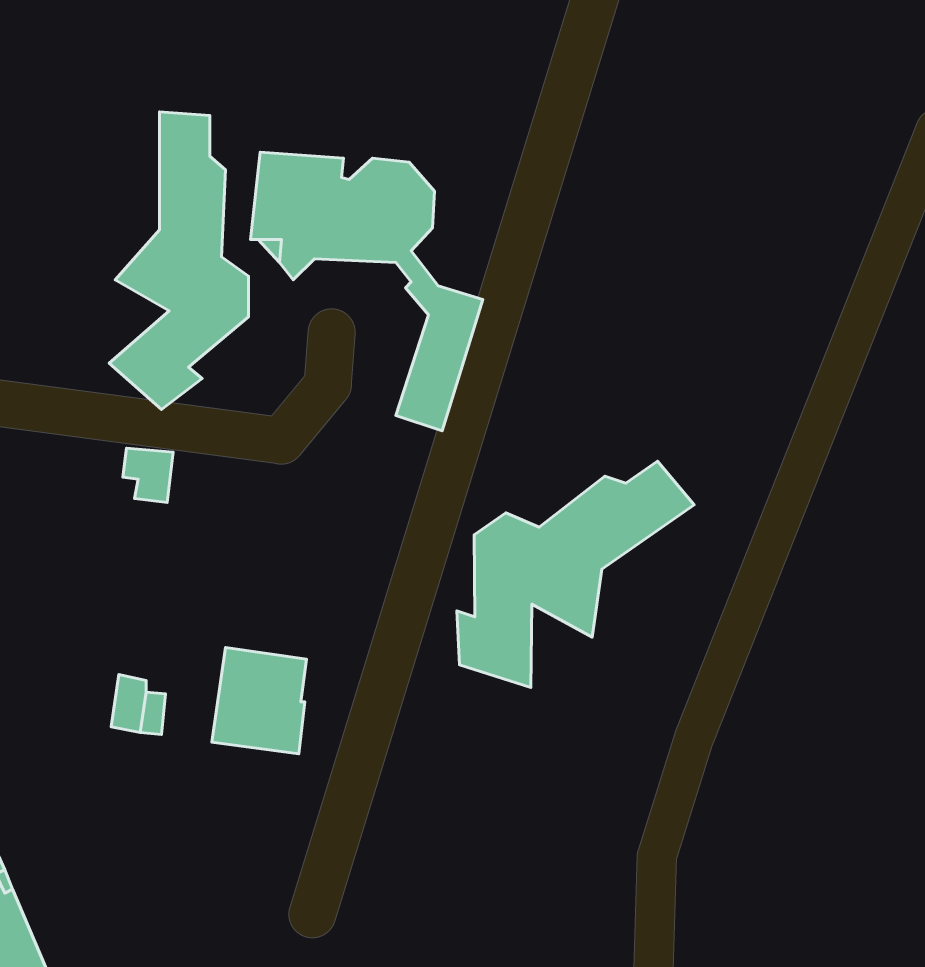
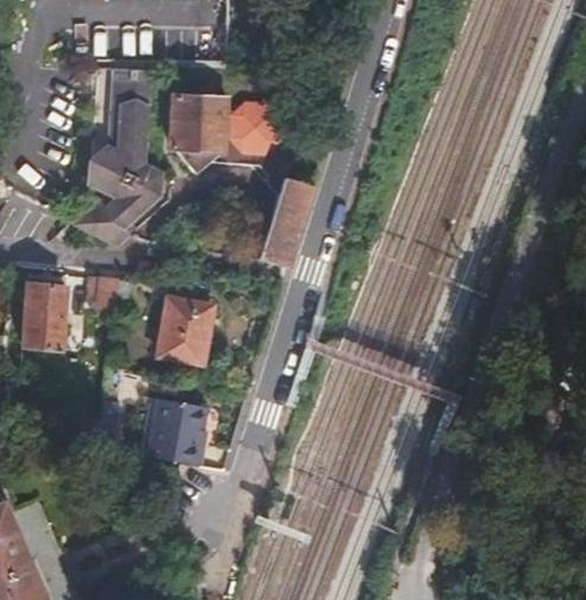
building: none -> [23,281,70,346]
building: [457,461,694,688] -> none
building: none -> [161,298,212,361]

